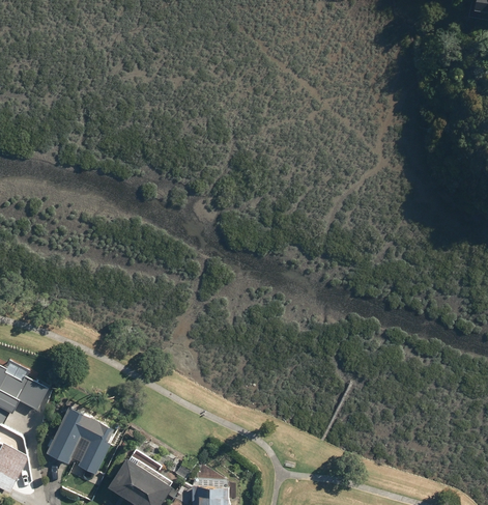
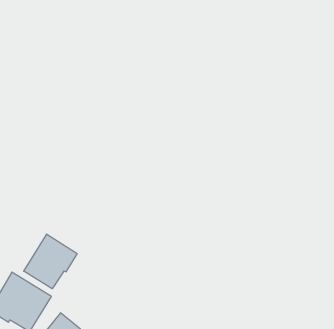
building: none -> [24,234,77,289]

